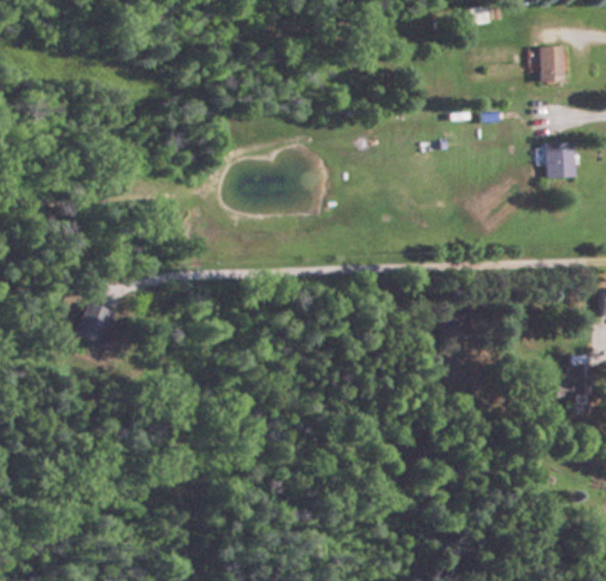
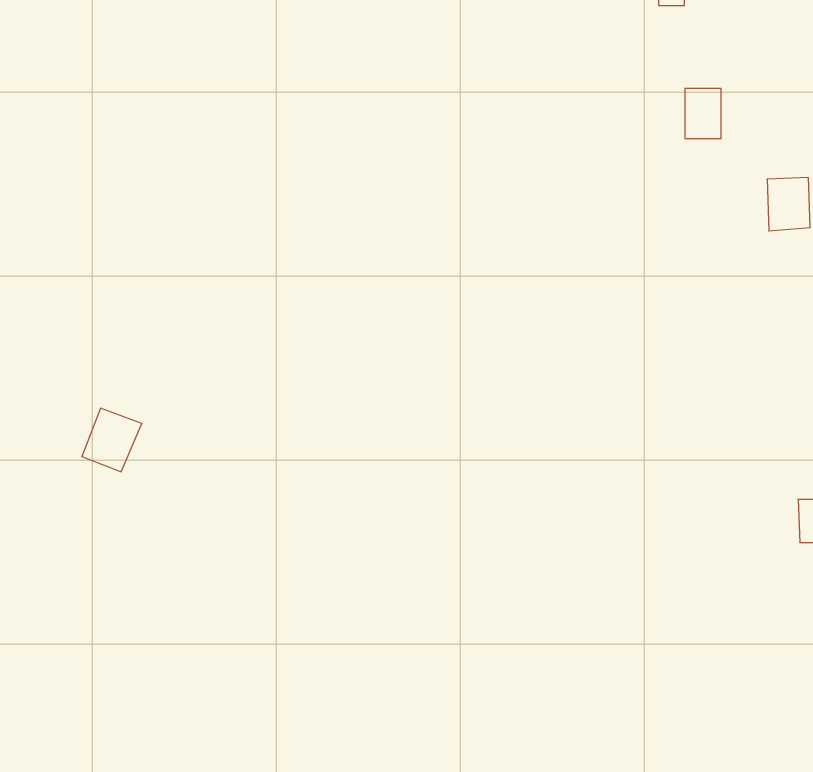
building: [540,47,565,82] -> [685,88,721,138]

